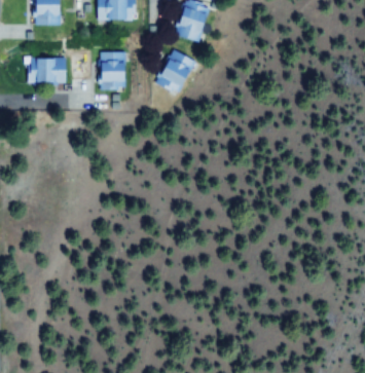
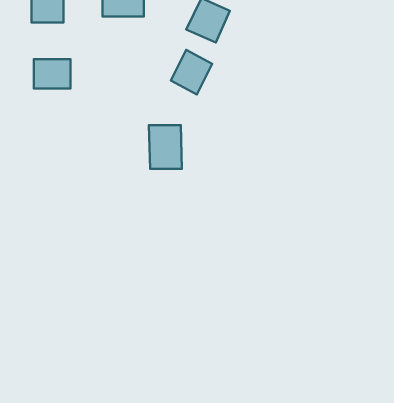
building: [99,52,127,90] -> [149,125,182,169]

